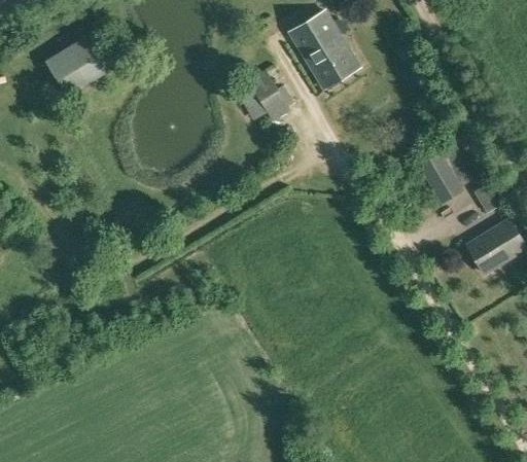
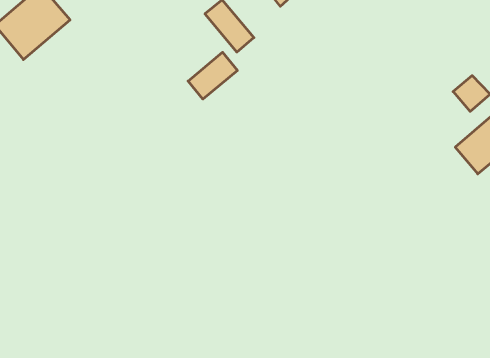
building: none -> [188,52,237,99]
building: [417,147,472,205] -> none

